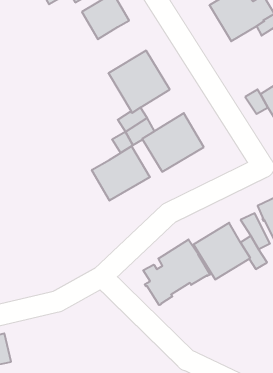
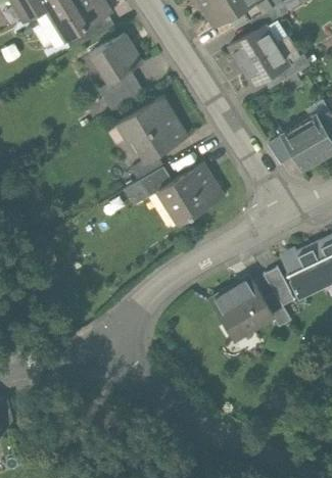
building: none -> [98,68,144,111]
building: [92,146,150,201] -> none
building: [143,239,210,305] -> none

